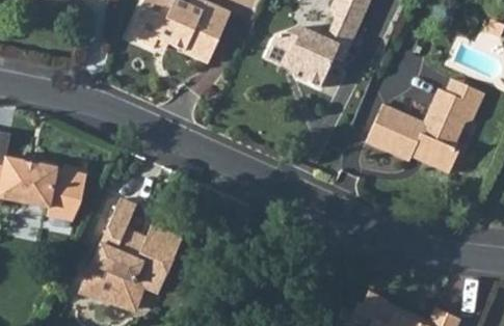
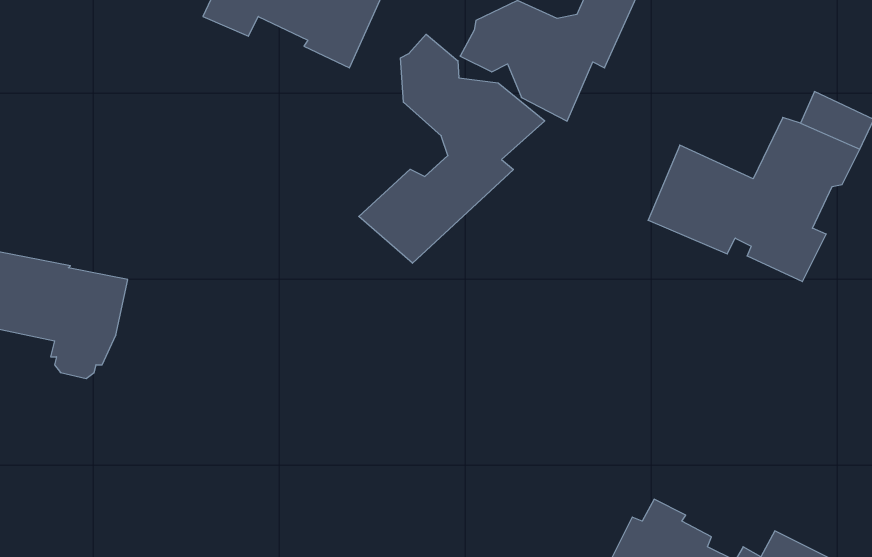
building: none -> [359,34,545,263]
building: [82,197,183,311] -> none

